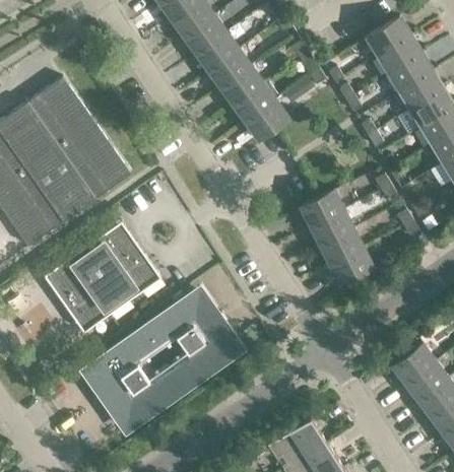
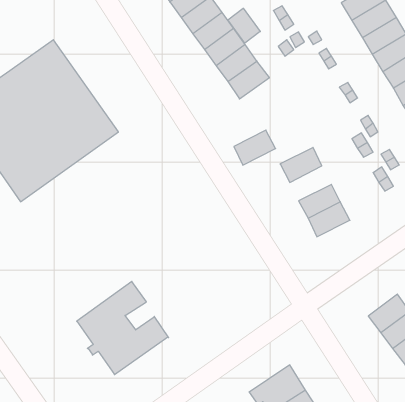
building: none -> [228,8,260,43]
building: [310,209,353,246] -> [234,130,276,165]
building: [44,234,160,322] -> none
building: [144,292,239,386] -> none

